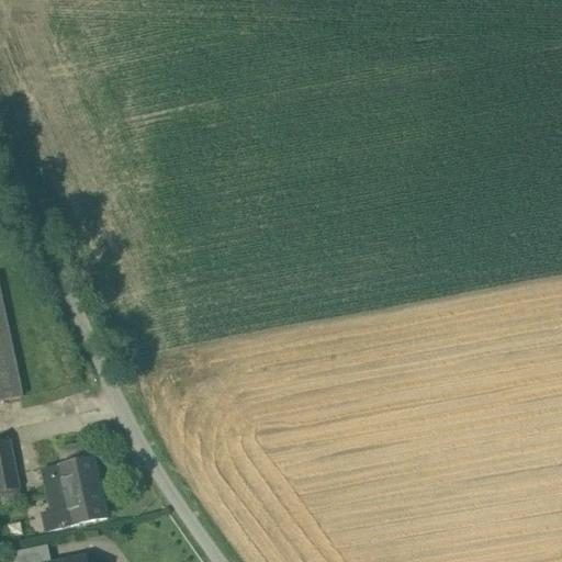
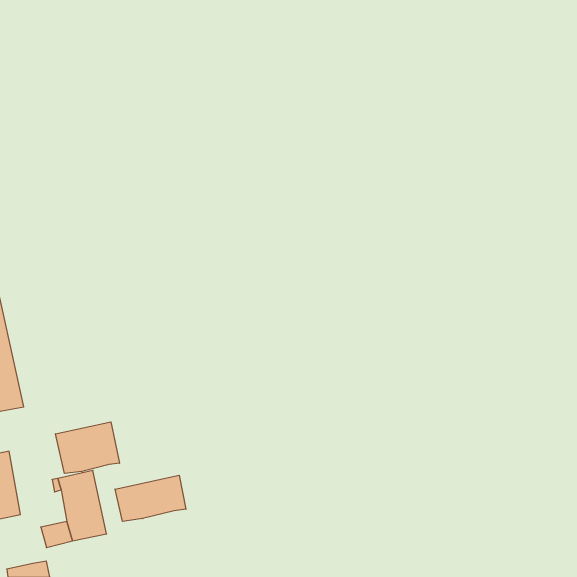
building: none -> [56,422,119,473]
building: none -> [115,475,186,521]

